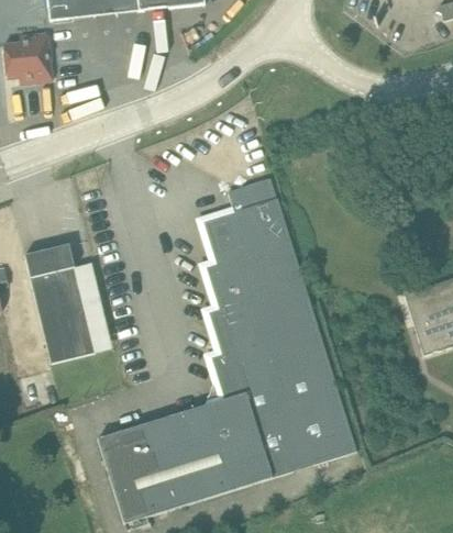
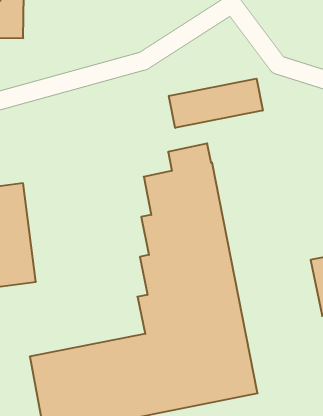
building: none -> [169,79,263,128]

